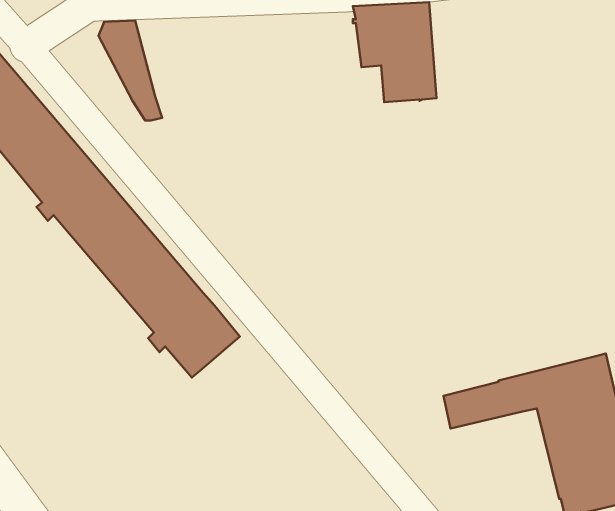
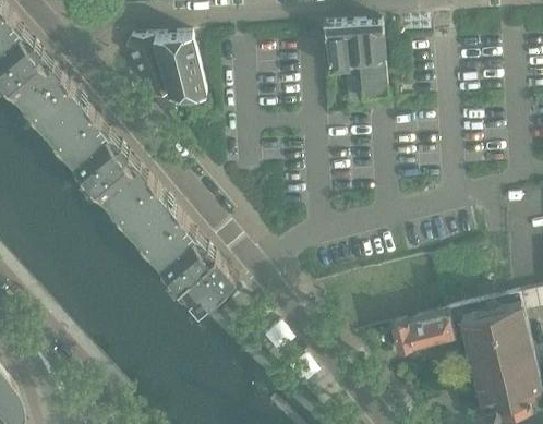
building: none -> [154,37,205,98]

